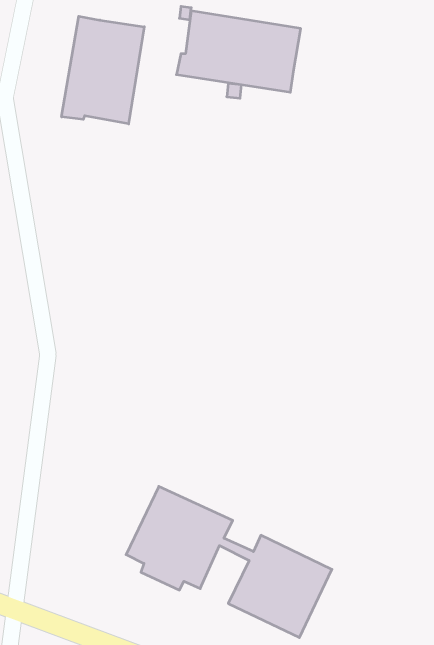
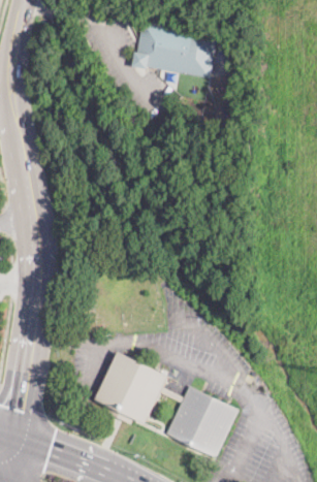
building: [62,16,144,124] -> none

